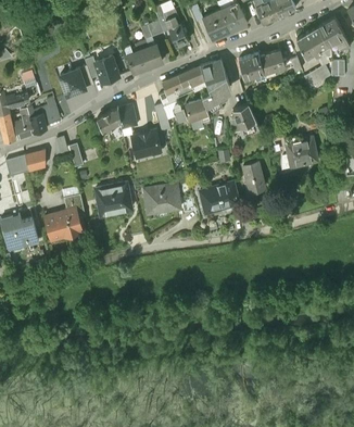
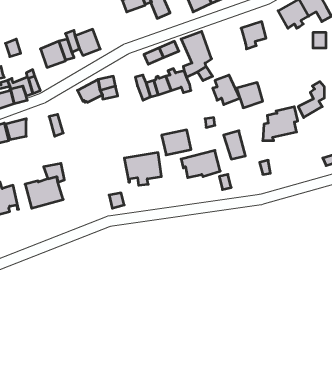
building: [305,46,331,81] -> [298,82,324,118]
building: [126,47,163,75] -> none
building: [238,54,264,79] -> [237,83,263,108]
building: [131,129,161,154] -> [162,130,191,155]
building: [96,180,132,212] -> none

